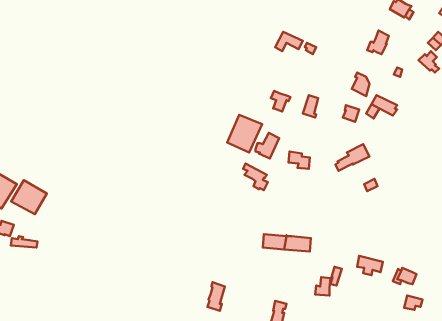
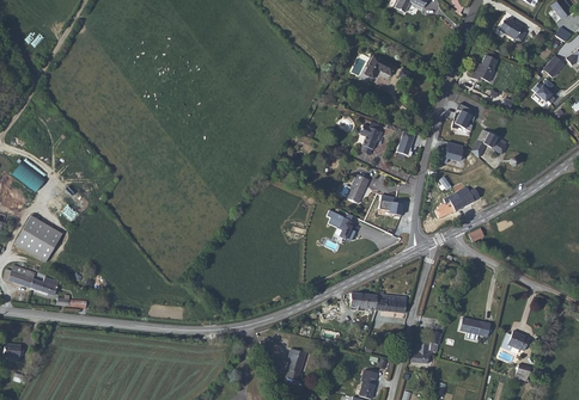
building: [227,115,262,152] -> none
building: [11,180,47,214] -> none

